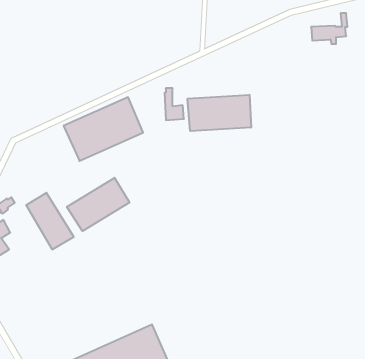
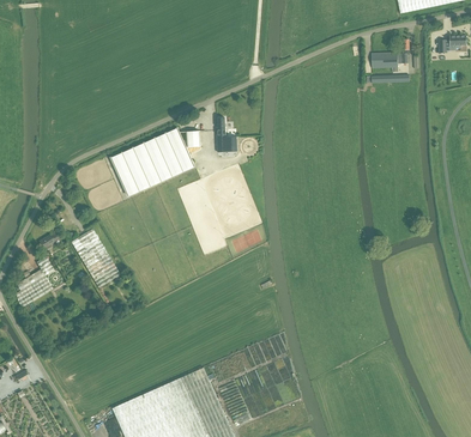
building: [188,95,251,131] -> none
building: [67,178,129,231] -> none

